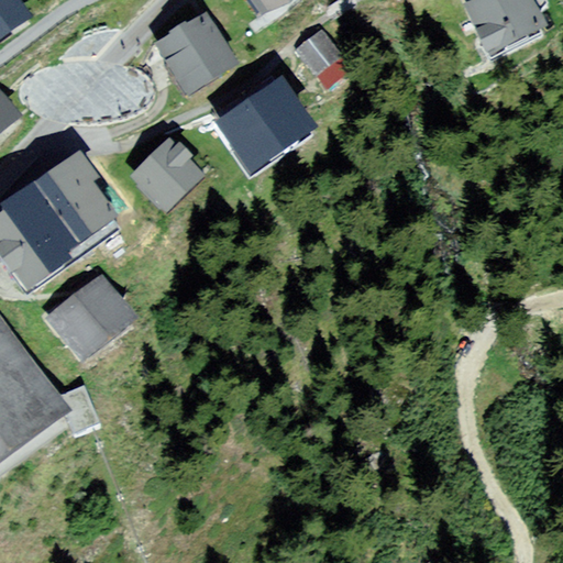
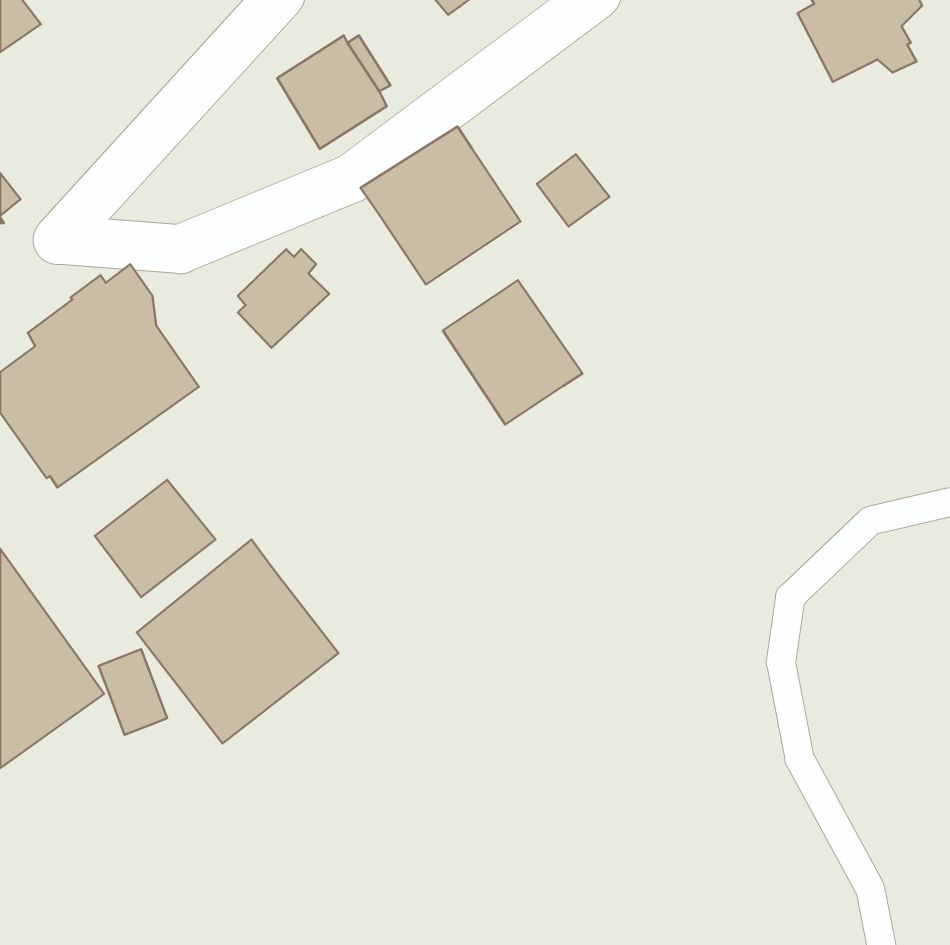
building: [298,30,341,73] -> [537,154,609,227]
building: none -> [443,280,583,424]
building: none -> [137,540,339,743]

